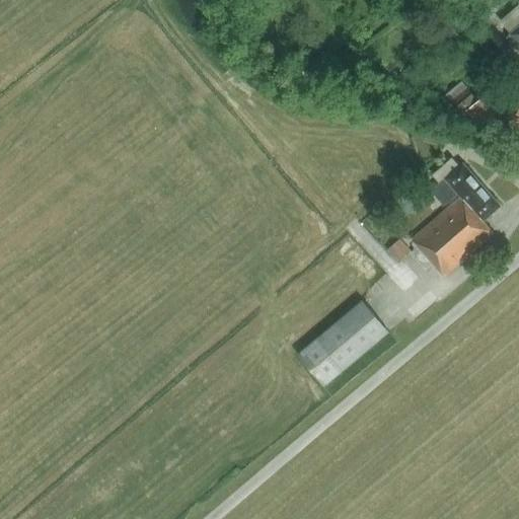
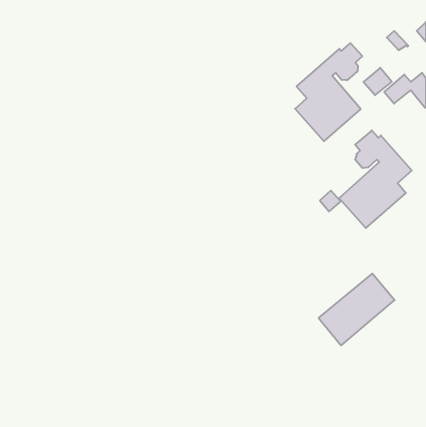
building: none -> [295,43,362,141]
building: [295,300,387,387] -> [319,274,395,345]

